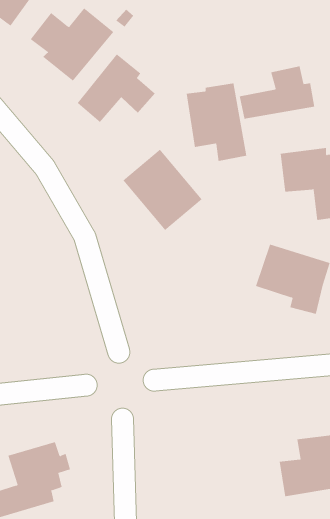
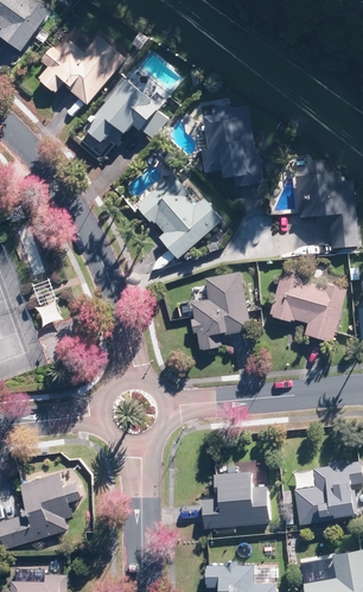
building: [239,66,315,120] -> none
building: none -> [189,273,250,350]
building: none -> [202,472,266,528]

